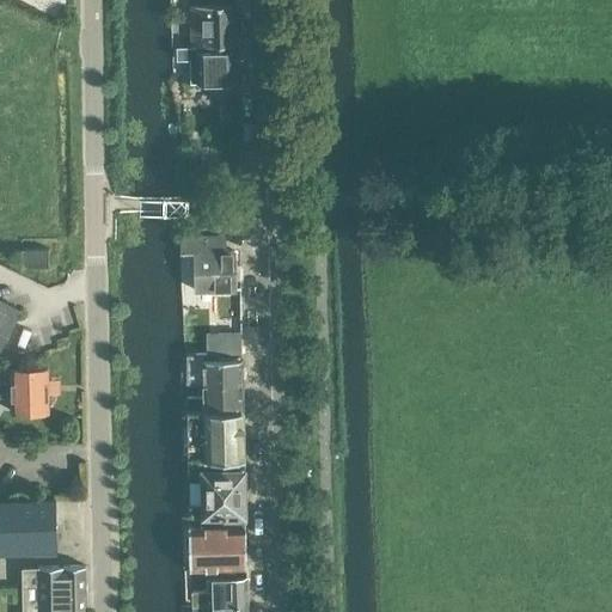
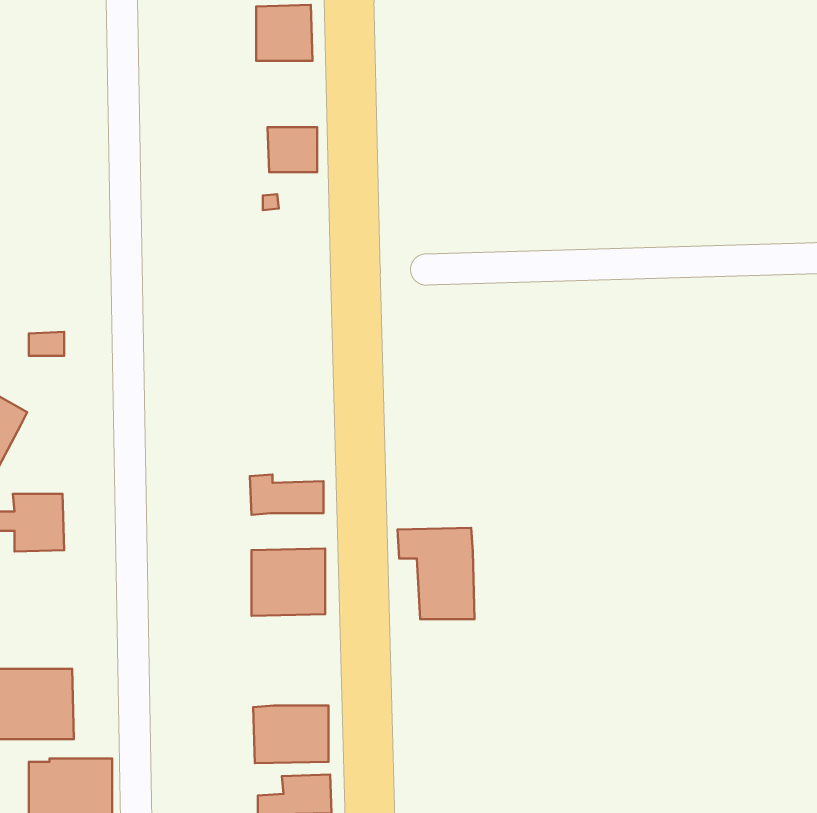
building: [196,55,233,88] -> [268,127,317,172]
building: [180,241,240,310] -> none
building: [203,338,238,361] -> none
building: [186,387,243,415] -> none
building: [188,463,245,531] -> [398,528,474,619]

